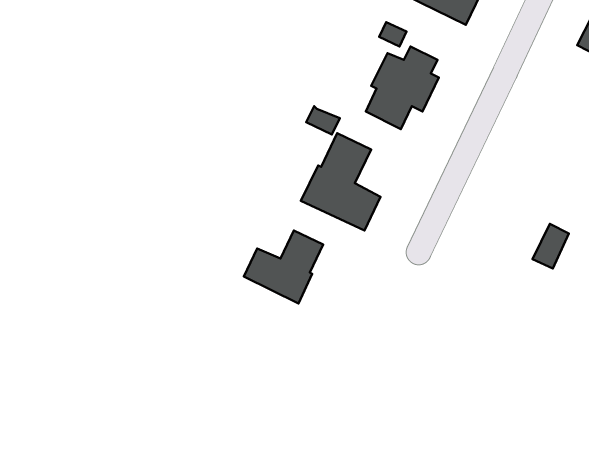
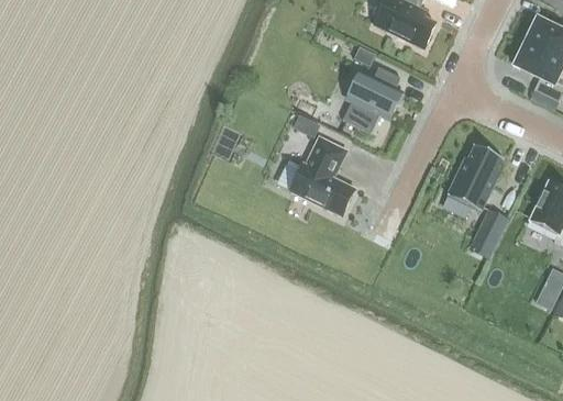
building: none -> [450,145,505,211]
building: [244,230,323,303] -> none

